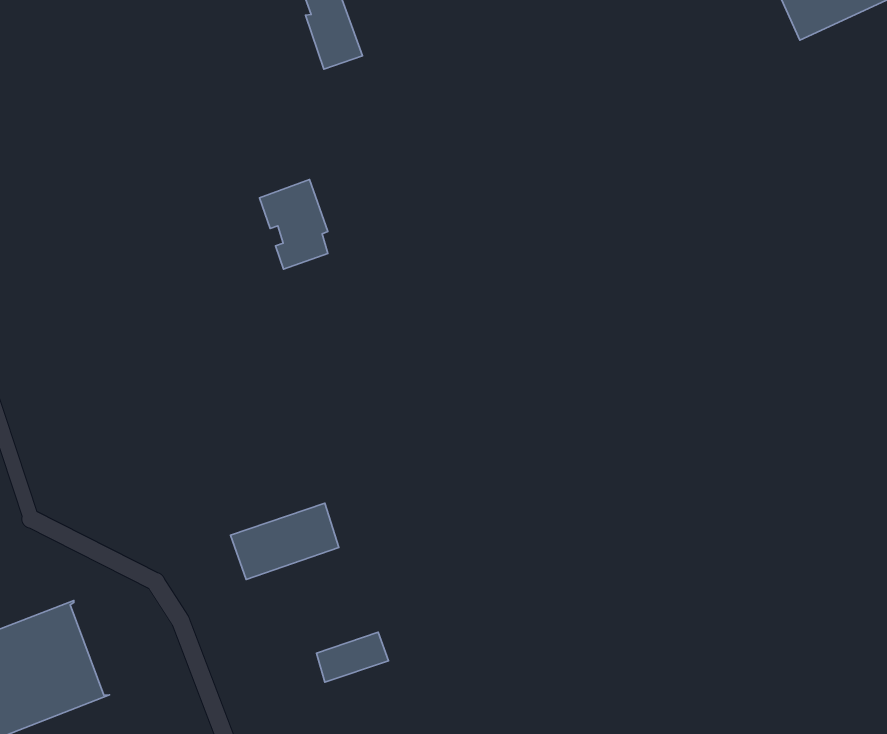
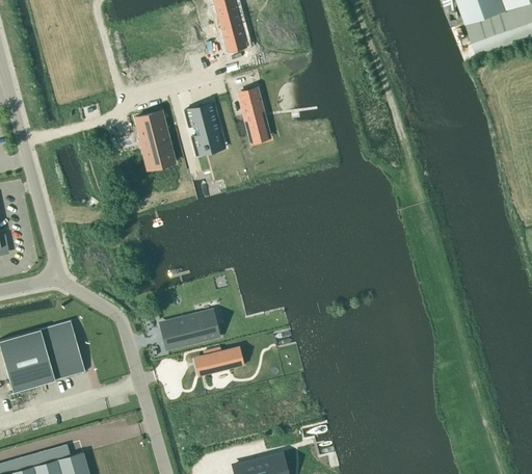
building: none -> [241,86,265,138]
building: none -> [137,115,175,172]
building: [230,503,339,579] -> [160,310,216,346]

